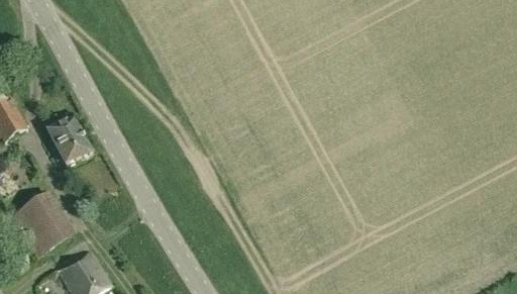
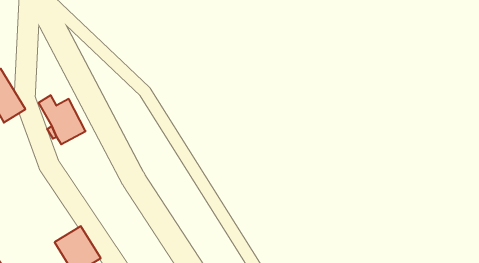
building: [5,189,69,256] -> none

